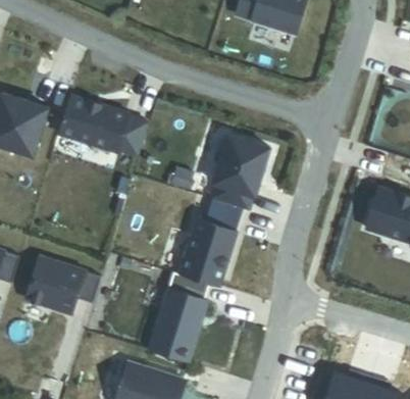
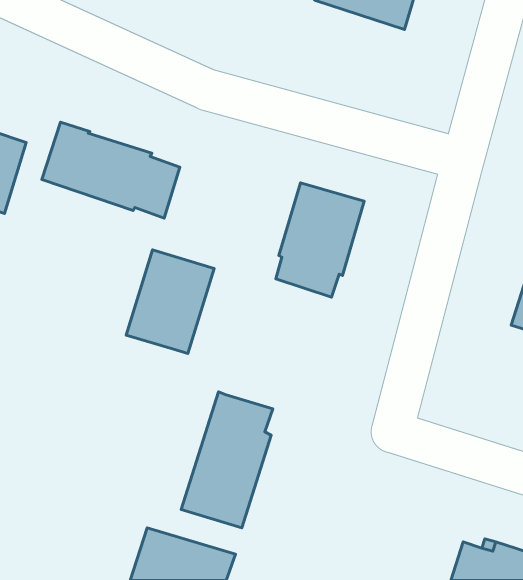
building: [178,219,237,288] -> [126,250,214,354]
building: [41,261,100,314] -> none

